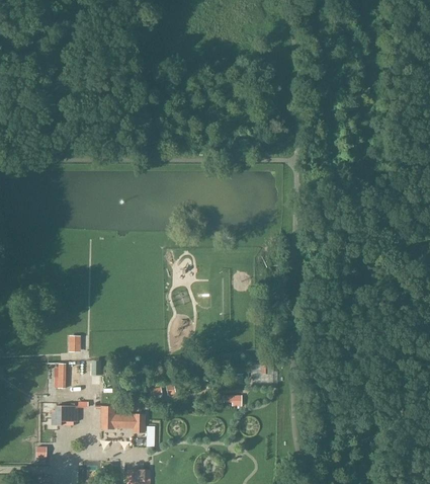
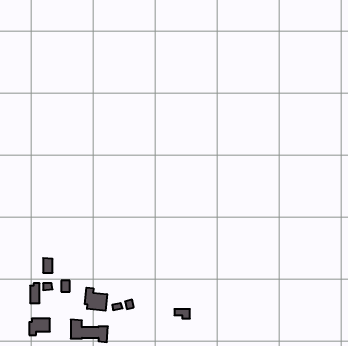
building: none -> [85,288,107,311]

